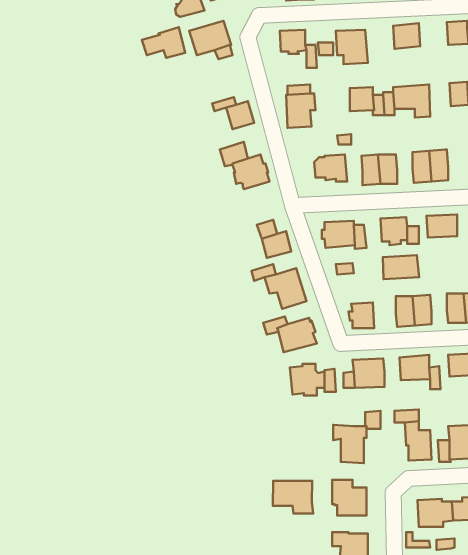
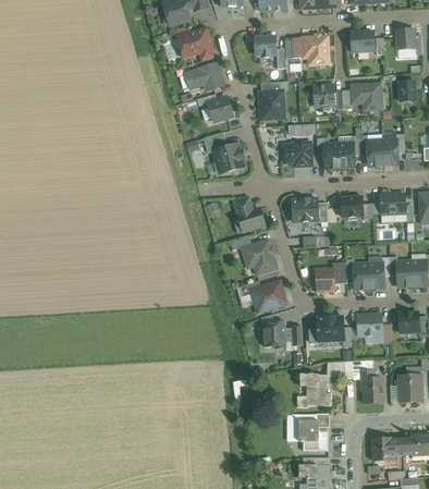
building: [142,27,185,58] -> [185,62,222,88]
building: [383,255,419,279] -> none
building: [273,481,313,513] -> none

